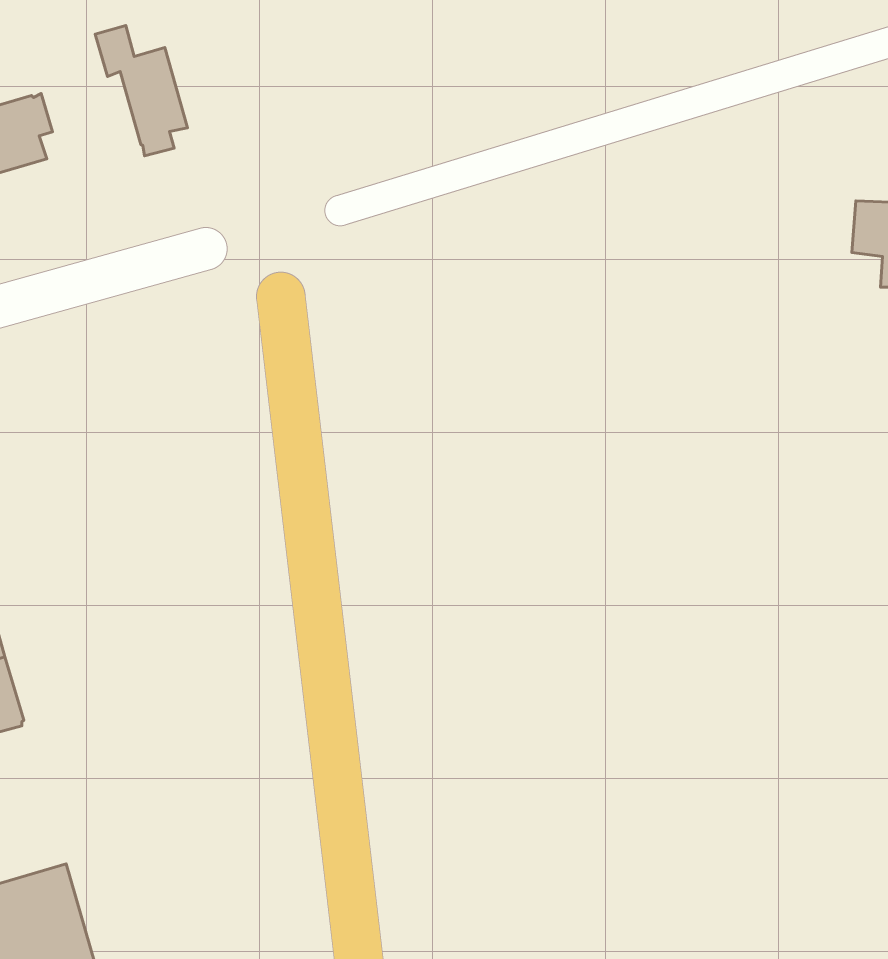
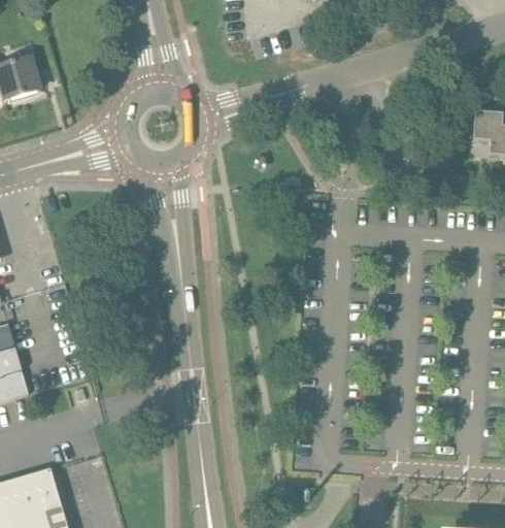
building: [95,26,187,156] -> none

